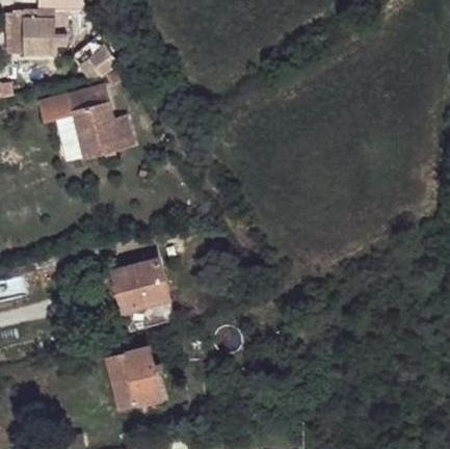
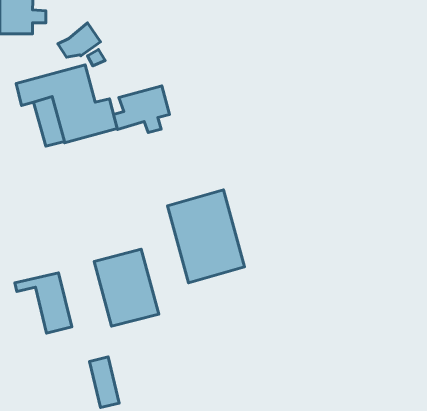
building: none -> [113,86,170,133]
building: none -> [167,190,244,283]
building: [106,346,160,403] -> [15,273,72,333]

